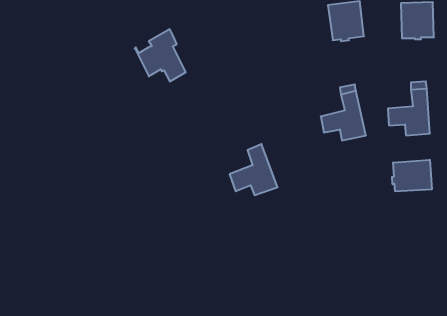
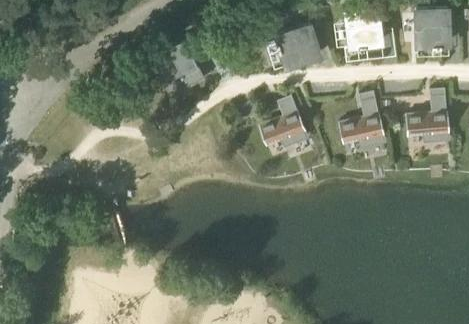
building: none -> [276,26,319,67]
building: [230,144,278,195] -> [259,96,307,147]
building: [392,160,432,191] -> none

